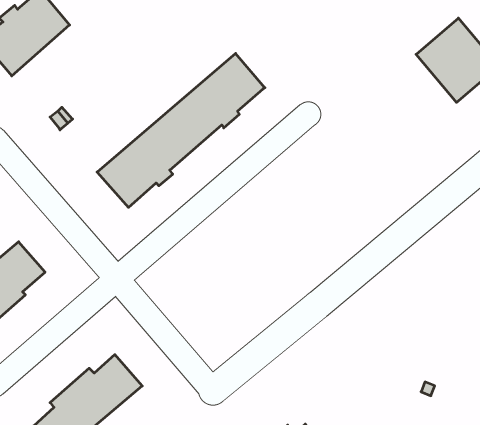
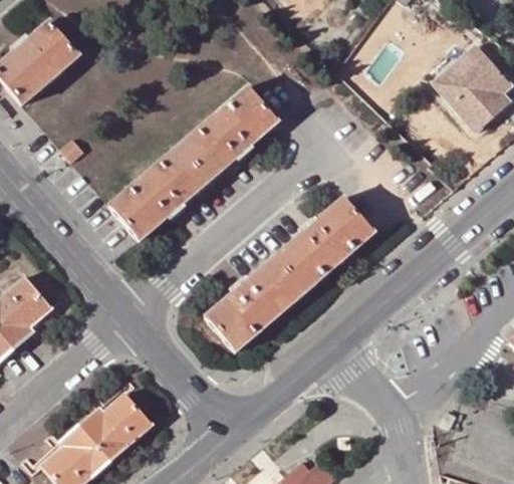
building: none -> [204,195,374,353]

